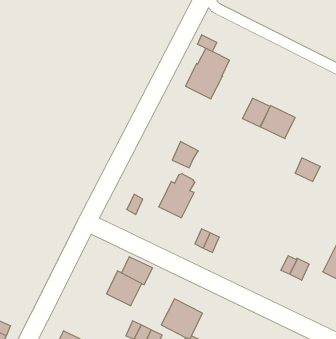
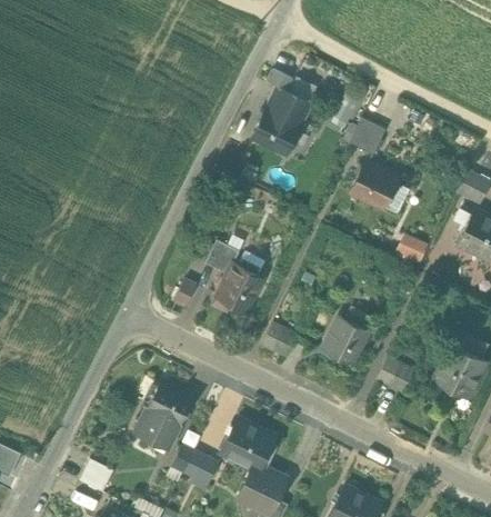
building: [242,98,270,127] -> [349,118,385,156]
building: [172,142,198,168] -> [206,240,240,275]
building: none -> [323,316,369,364]
building: [121,257,153,285] -> [138,412,179,449]

